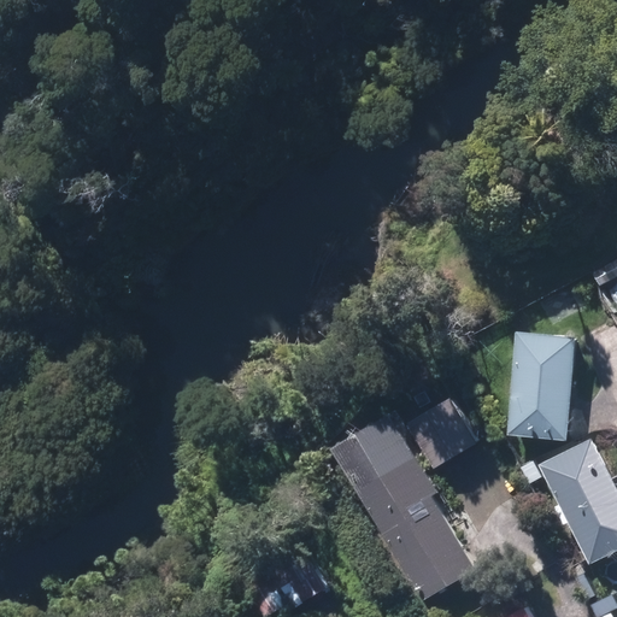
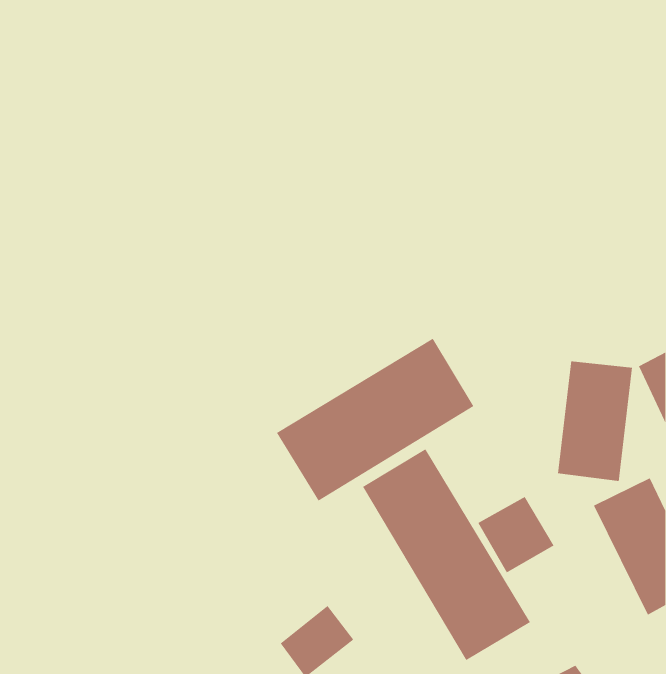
building: none -> [276,338,474,502]
building: [405,399,475,469] -> [477,496,554,573]

